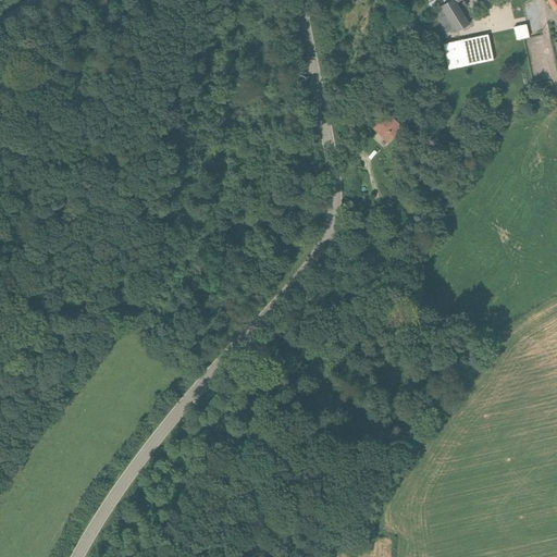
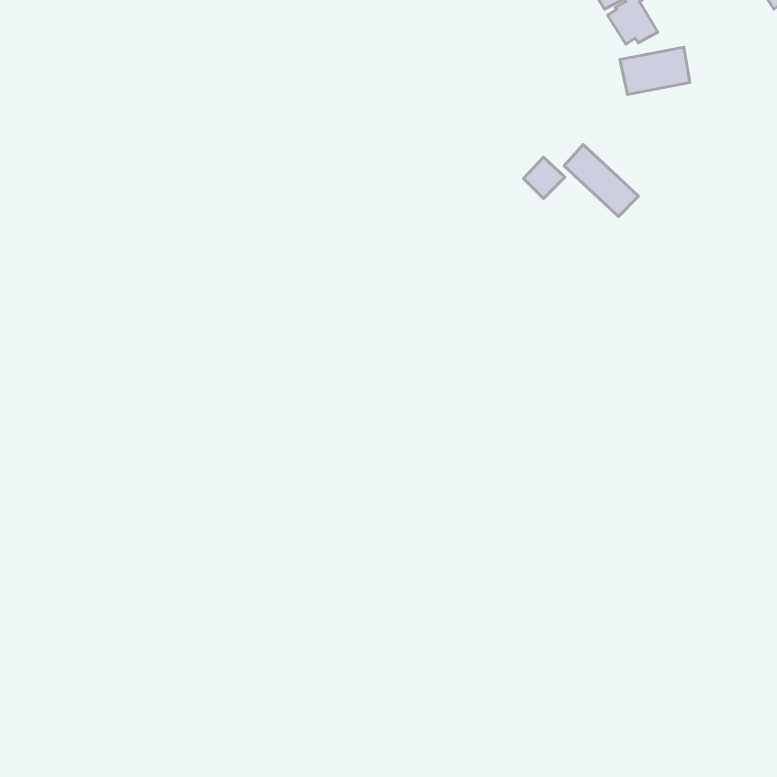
building: none -> [564,145,639,216]

